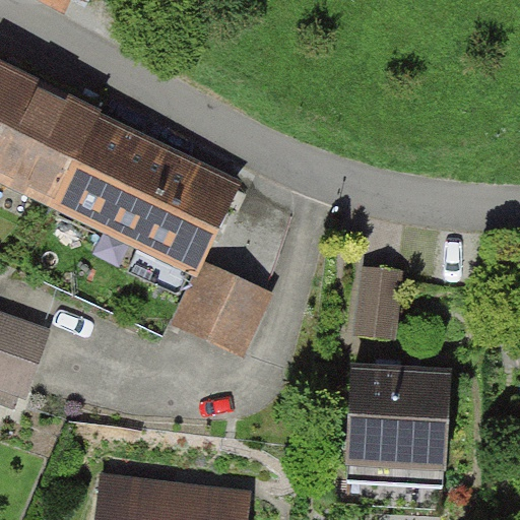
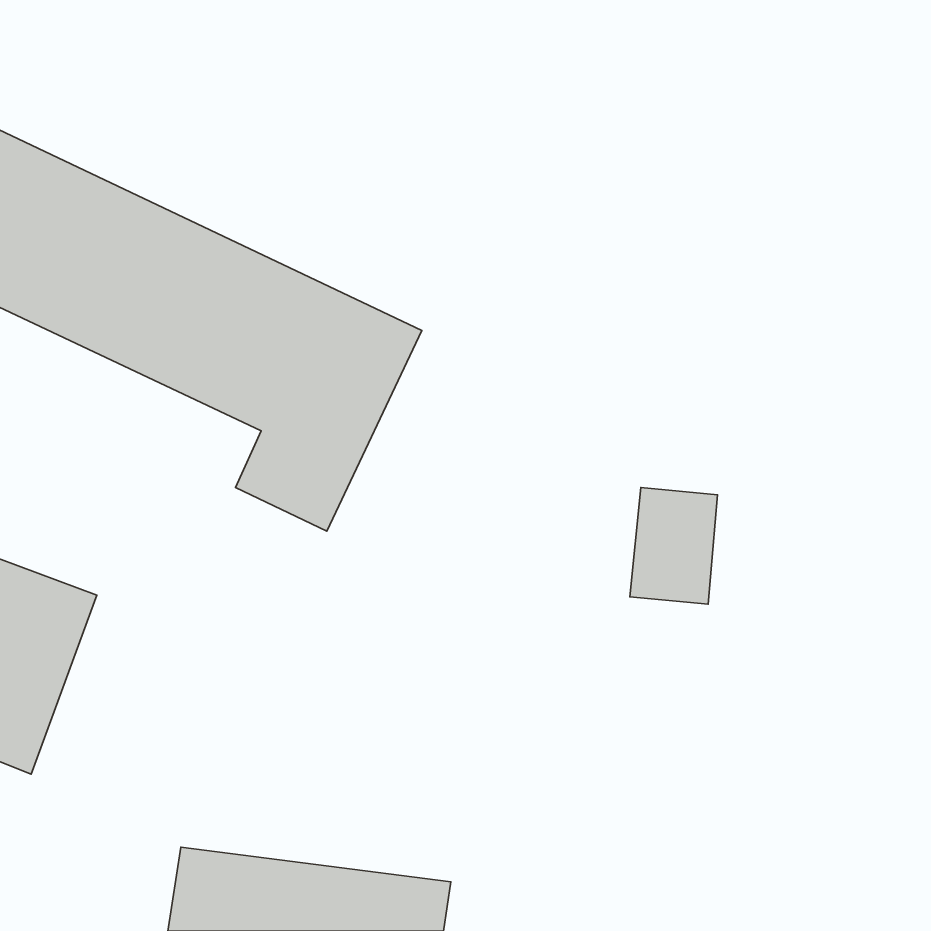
building: [174,262,277,362] -> none
building: [343,365,453,469] -> none

